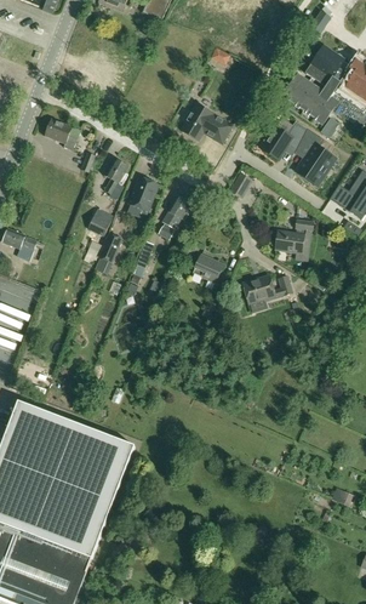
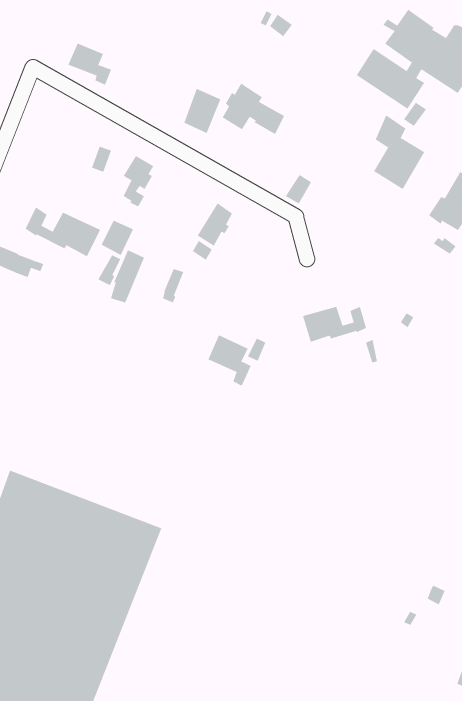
building: [44,119,78,152] -> [68,43,112,85]
building: [263,120,307,159] -> none
building: [128,176,158,211] -> [183,88,221,134]
building: none -> [25,207,101,257]
building: [275,220,314,252] -> none
building: [191,253,225,294] -> [207,334,252,386]

